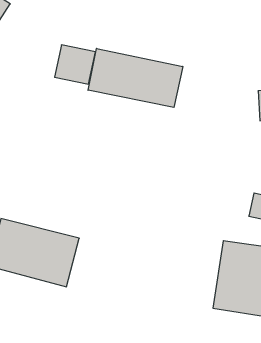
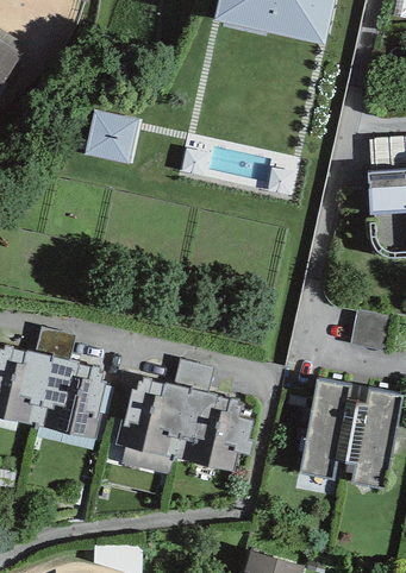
building: [88,48,183,107] -> none
building: none -> [126,379,257,478]

